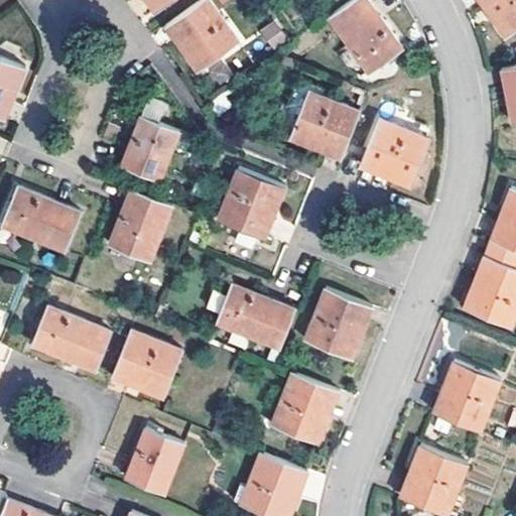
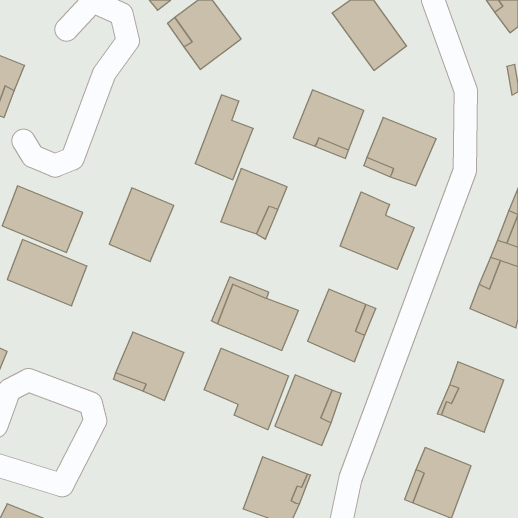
building: [122,100,179,183] -> [195,95,253,180]
building: none -> [340,192,414,269]
building: [32,306,111,372] -> [7,240,87,306]
building: none -> [204,348,289,430]
building: [125,430,184,497] -> none

